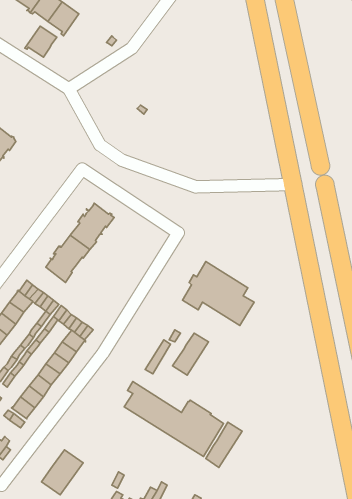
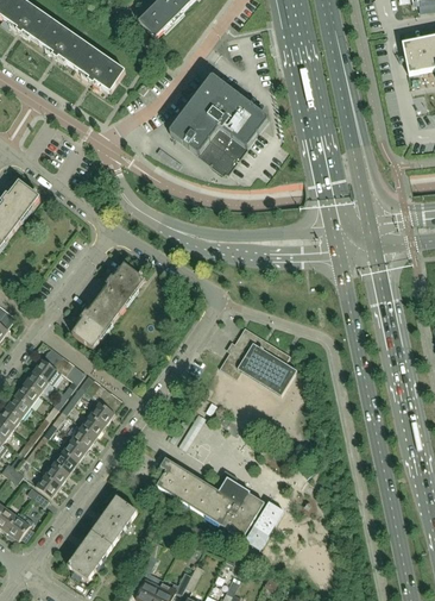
building: [25,26,57,57] -> [90,58,125,92]
building: none -> [169,75,267,177]
building: [172,333,208,375] -> none
building: none -> [92,495,137,544]

